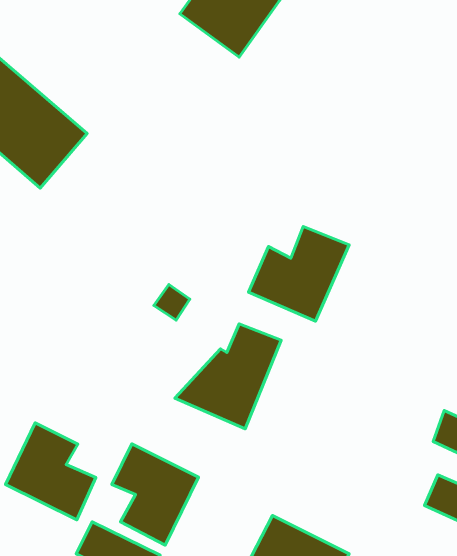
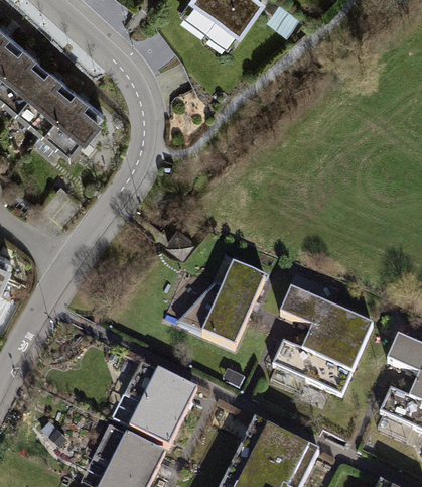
building: [248,226,349,321] -> none
building: none -> [271,290,371,398]
building: [6,423,96,520] -> none

